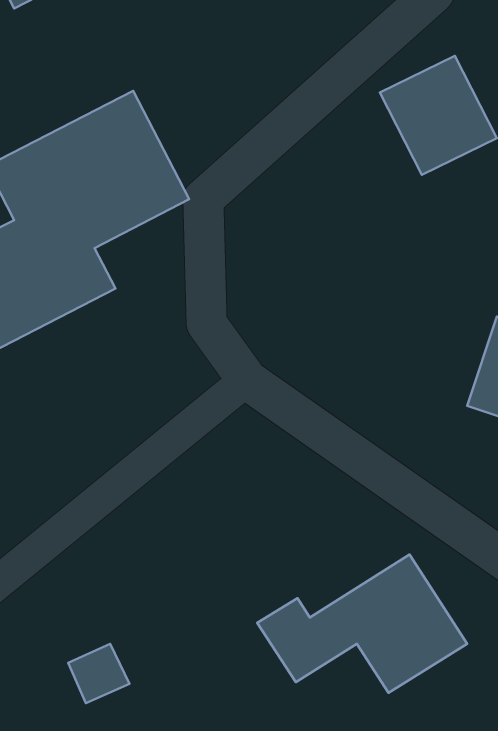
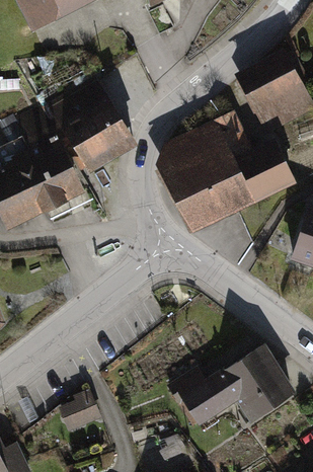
building: none -> [169,121,289,227]

